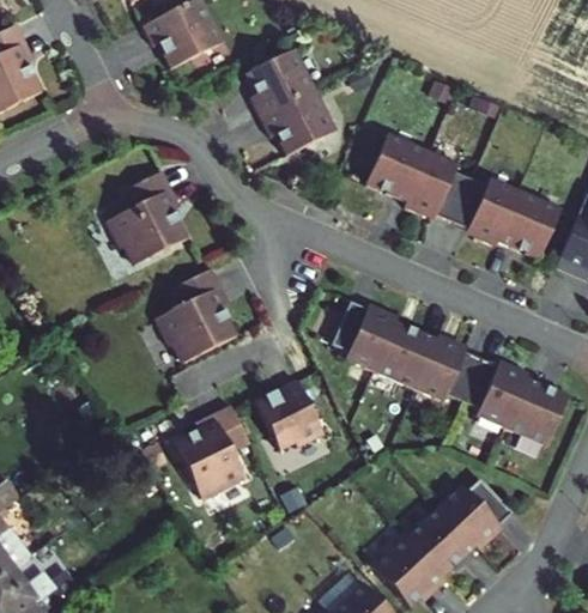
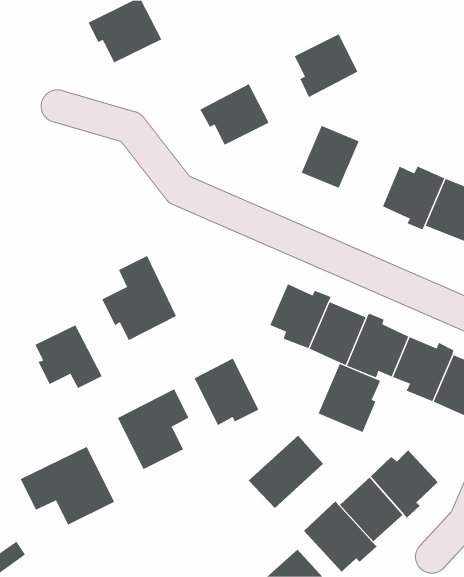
building: [244,48,313,116] -> [294,34,358,98]
building: [406,150,472,219] -> none
building: [107,171,188,263] -> none
building: none -> [35,324,102,389]
building: none -> [318,363,381,433]
building: none -> [248,435,324,509]
building: none -> [20,446,115,525]

